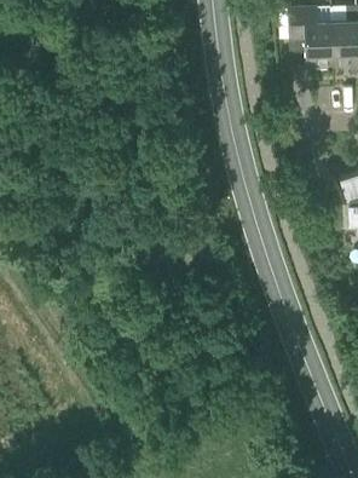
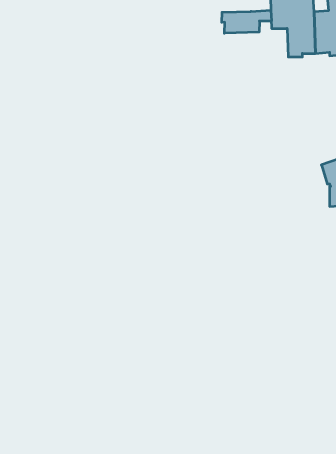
building: none -> [222,10,271,33]

